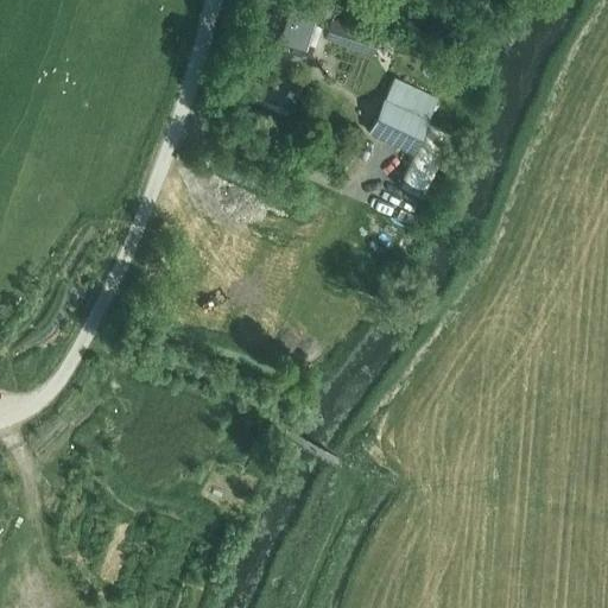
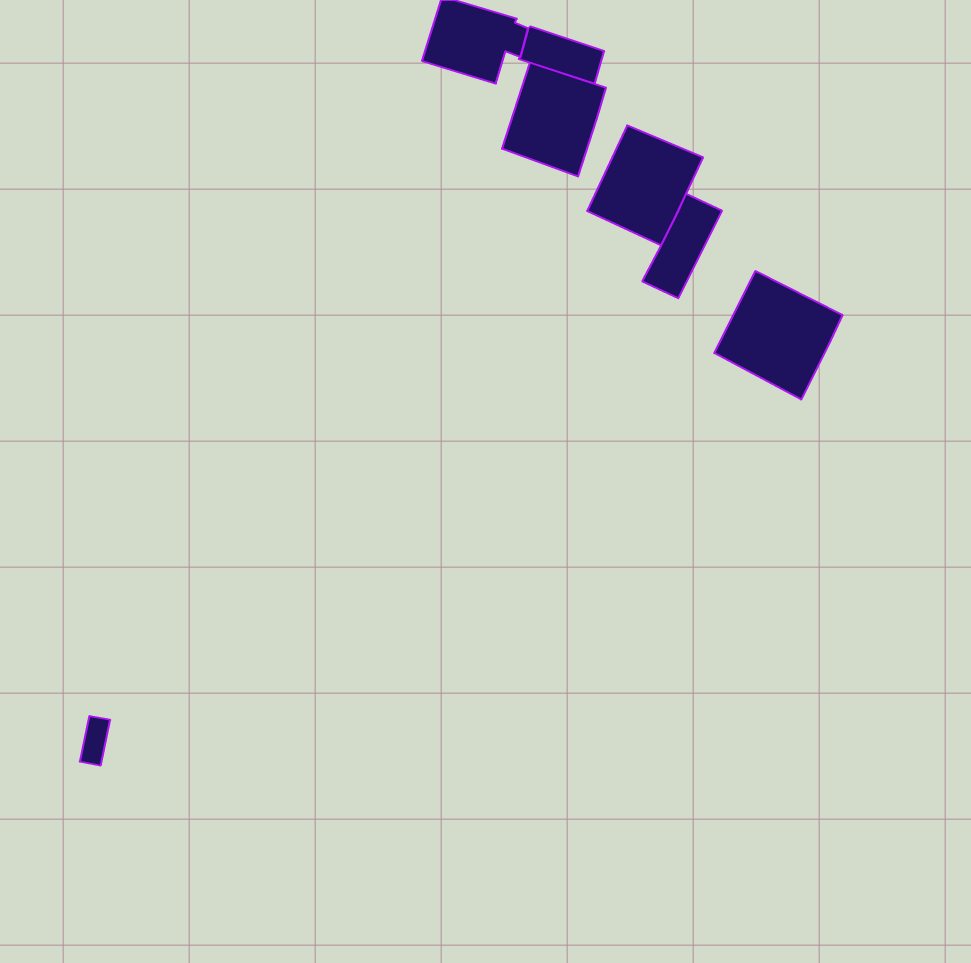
building: none -> [502,63,606,177]
building: none -> [714,271,842,400]

